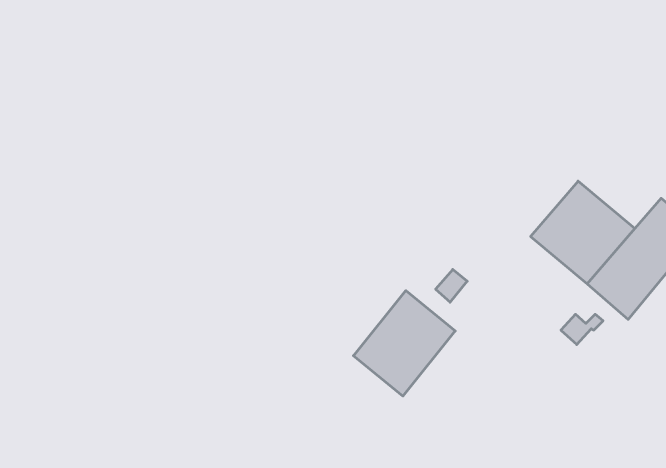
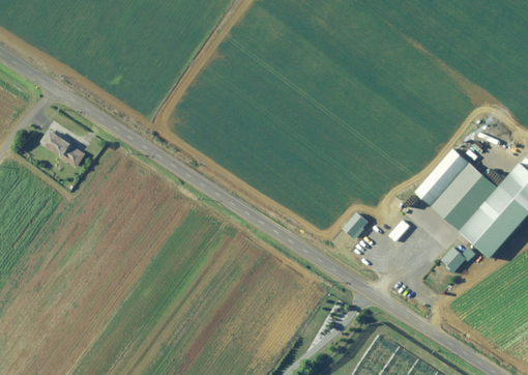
building: none -> [39,132,85,171]
building: [353,291,455,396] -> none

